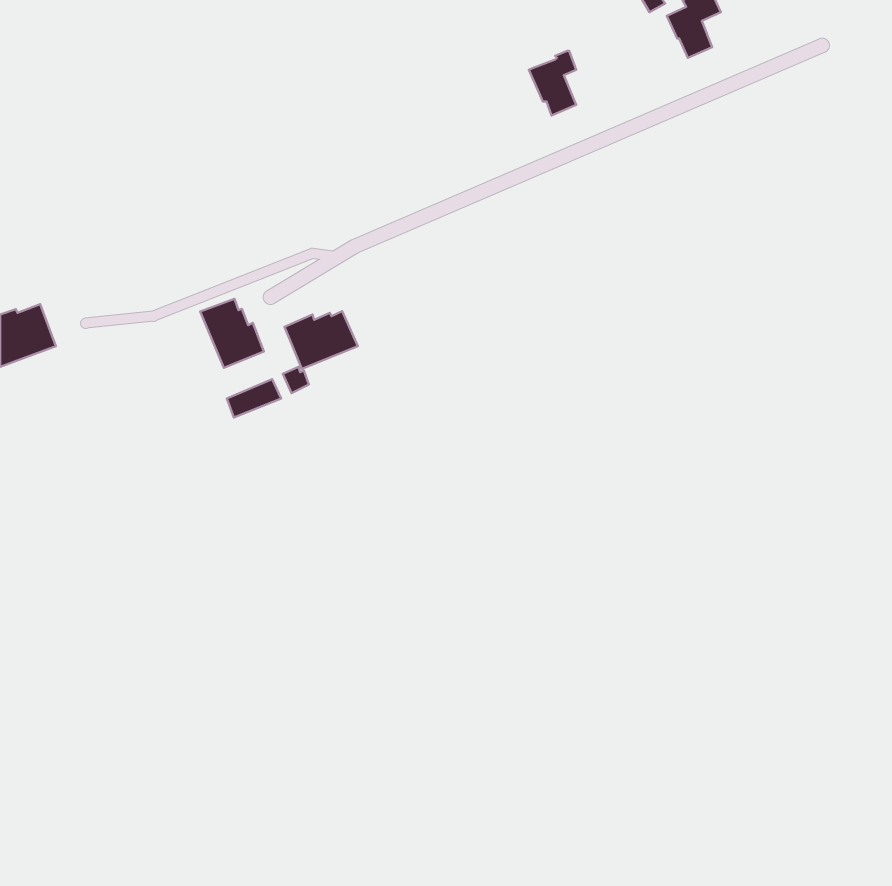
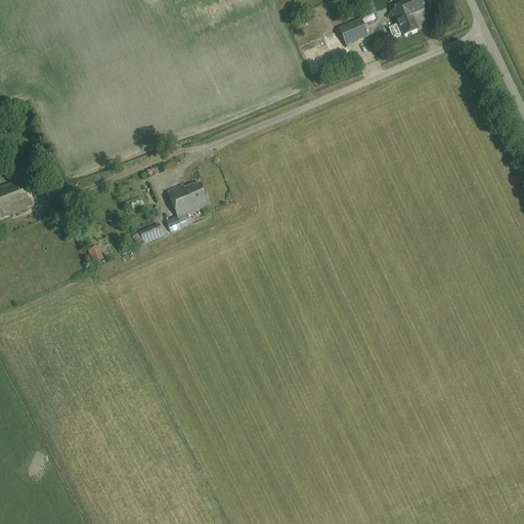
building: none -> [339,11,374,43]
building: [200,299,264,368] -> none

